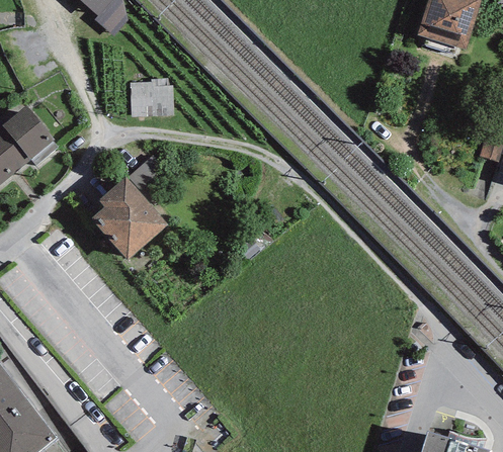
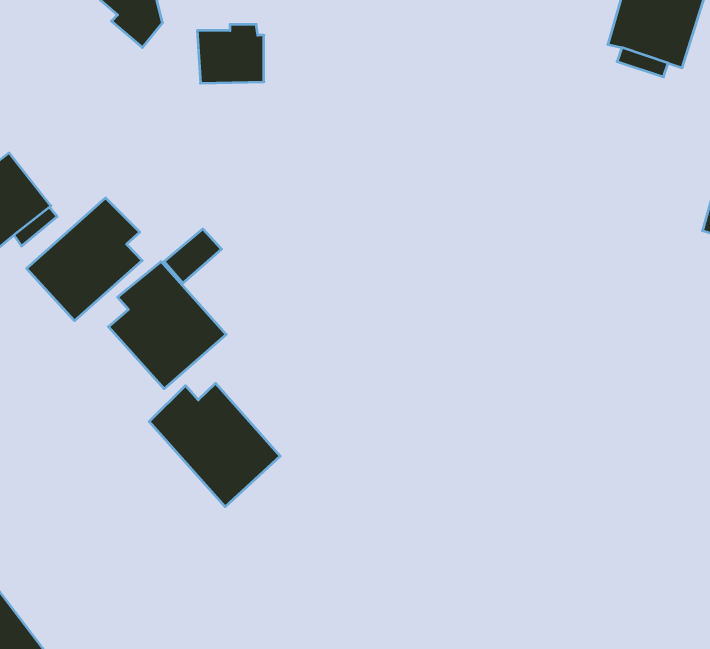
building: [129,79,172,117] -> [197,24,264,83]
building: none -> [27,198,142,321]
building: none -> [149,383,280,507]

